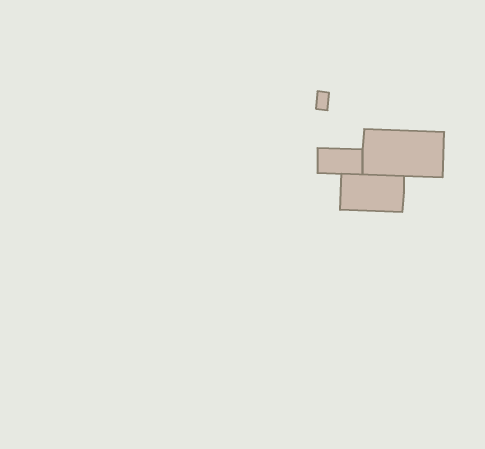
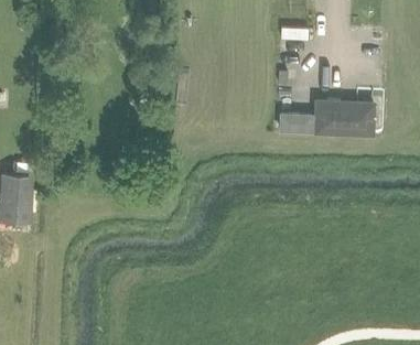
building: [340,174,404,212] -> none

